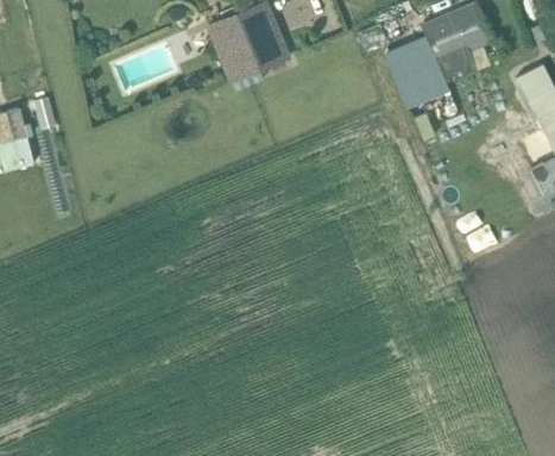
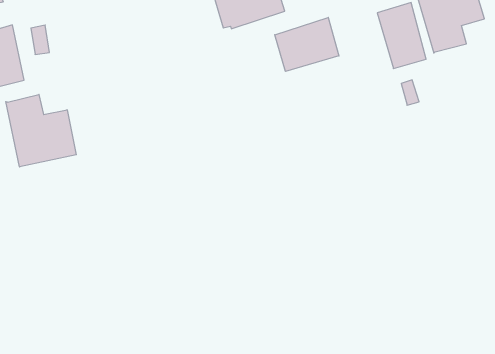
building: none -> [275,17,339,71]
building: none -> [6,94,76,167]

